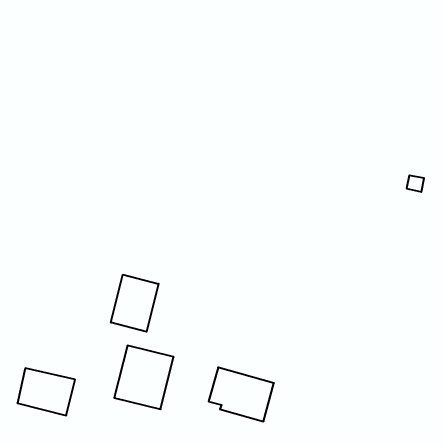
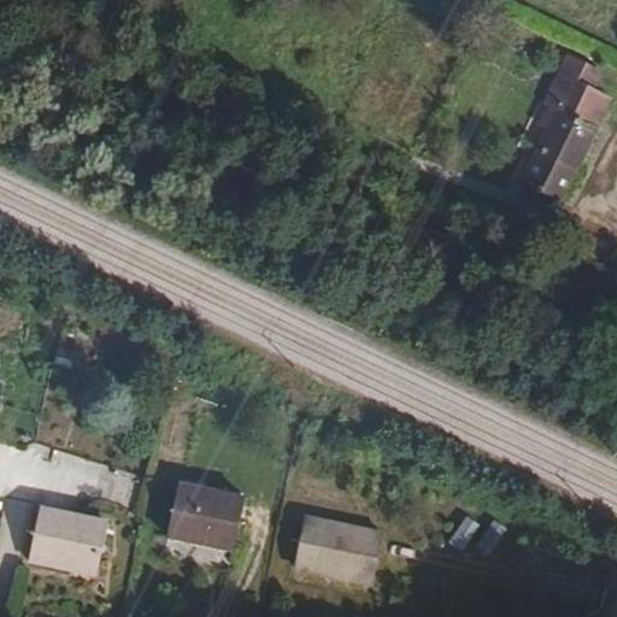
building: none -> [519,57,611,204]
building: [111,275,159,332] -> none

